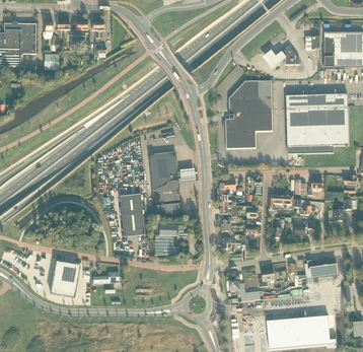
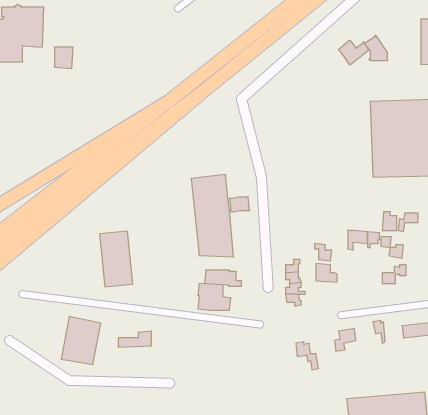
building: [225,80,272,148] -> none
building: [119,194,144,236] -> [100,231,133,287]

